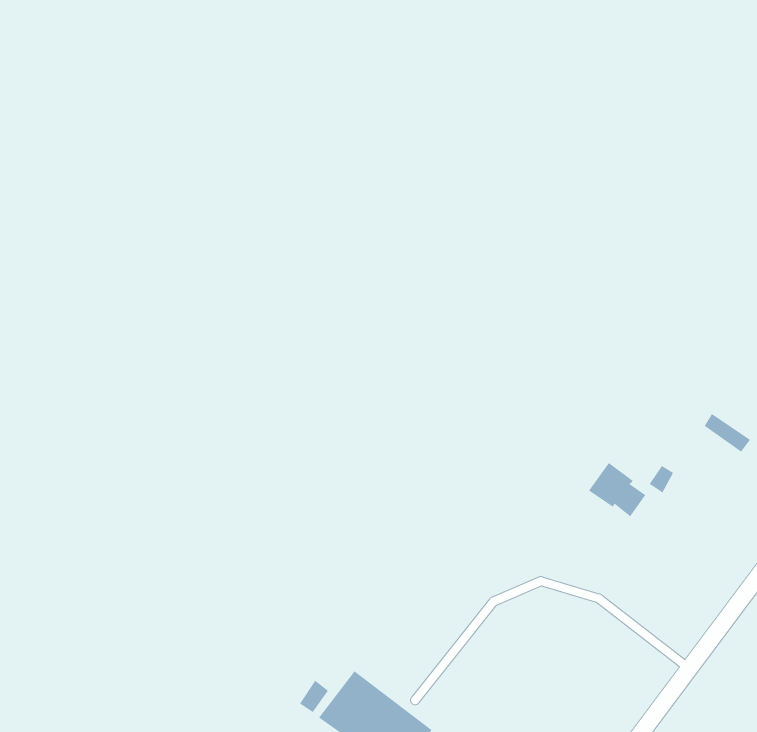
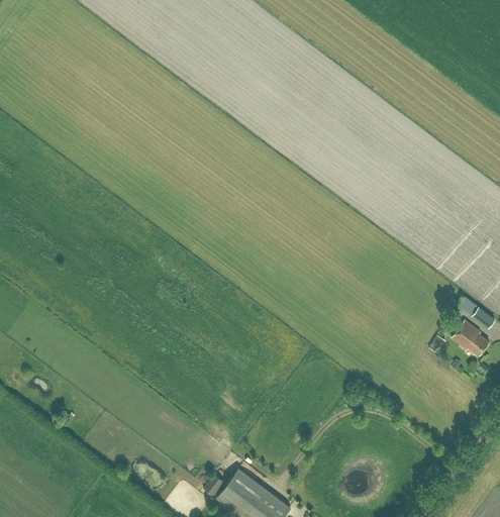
building: [588,462,646,517] -> [452,321,489,356]

